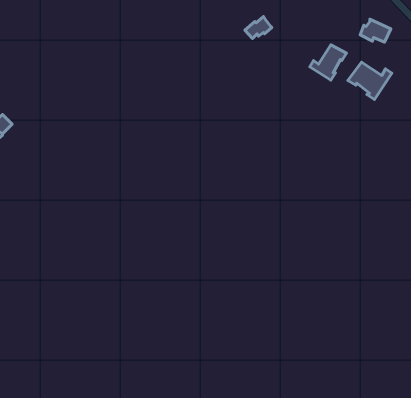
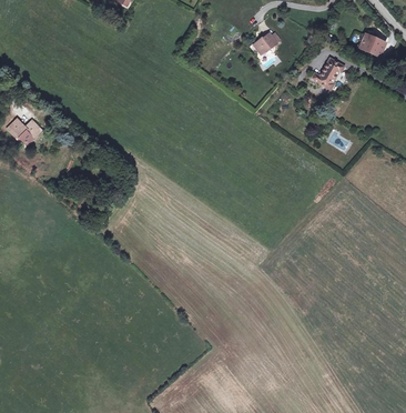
building: [348,62,392,99] -> none

